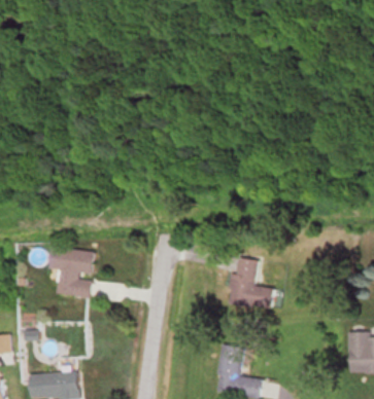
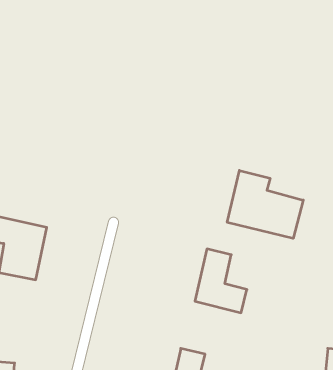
building: none -> [227,170,303,238]

